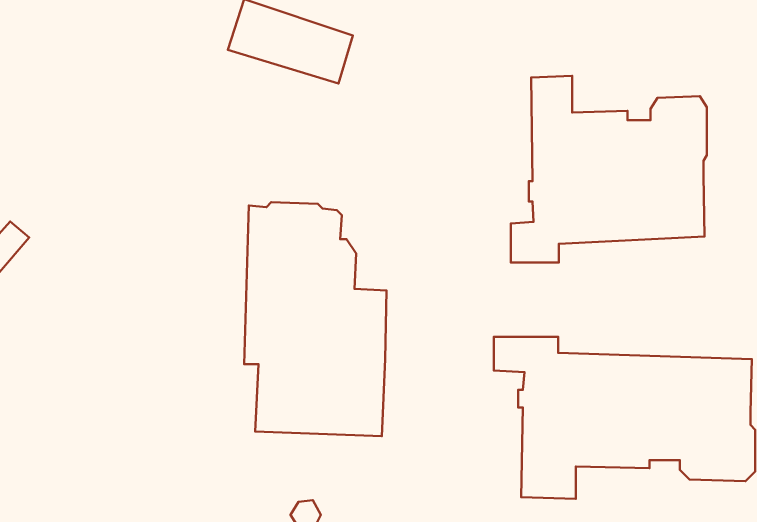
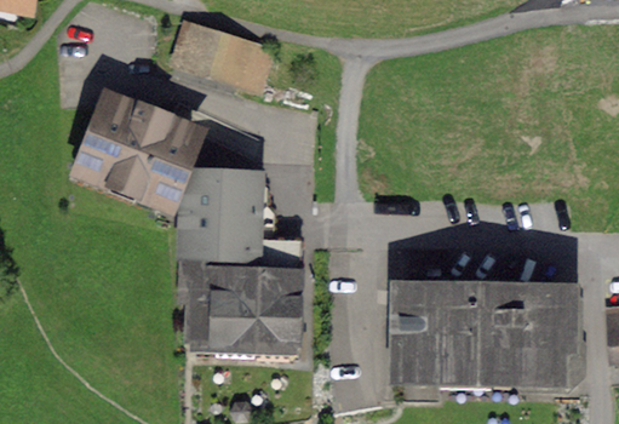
building: [511,76,707,262] -> none
building: none -> [85,104,190,200]

